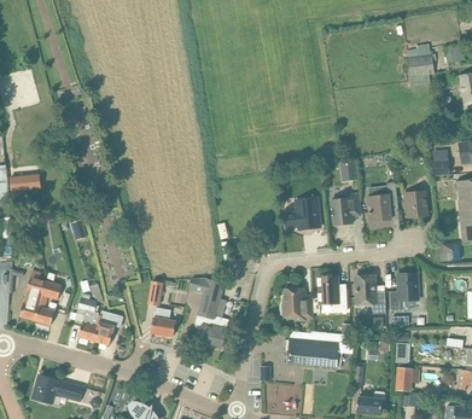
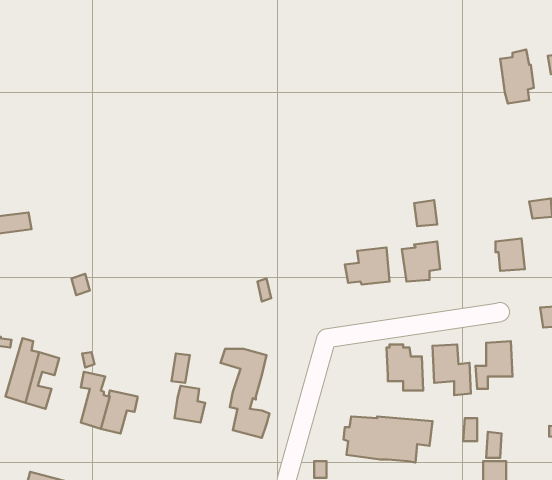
building: [368,181,398,221] -> none
building: [282,289,313,320] -> none

